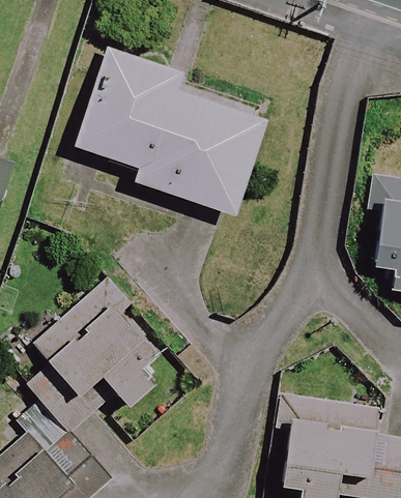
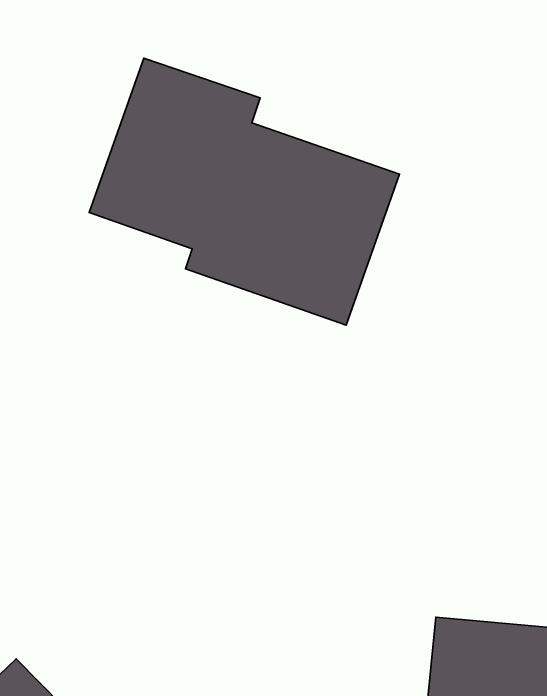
building: [34,288,170,407] -> none

